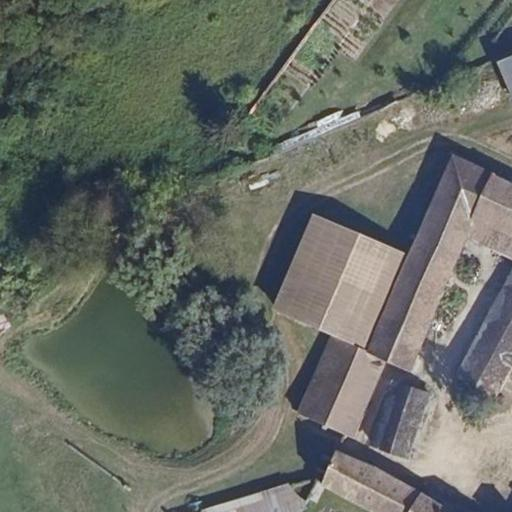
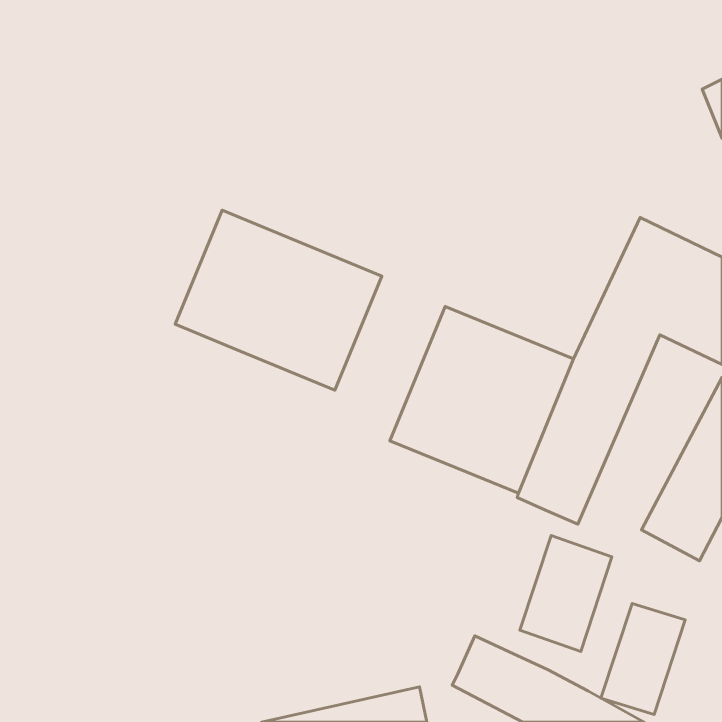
building: none -> [175,210,382,390]
building: [297,334,386,437] -> none
building: none -> [601,604,685,714]

